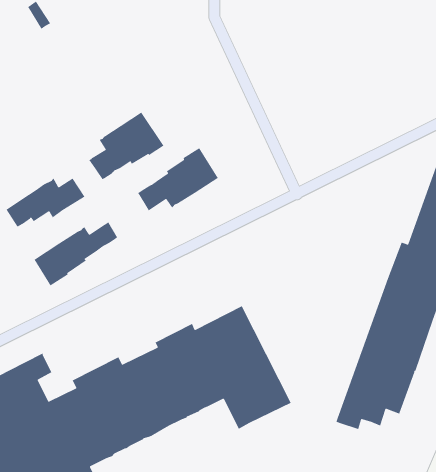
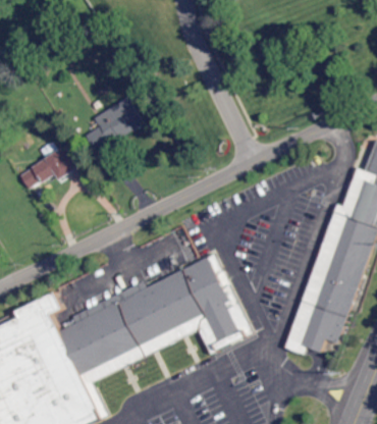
building: [137,147,219,212] -> none
building: [33,221,118,287] -> none

